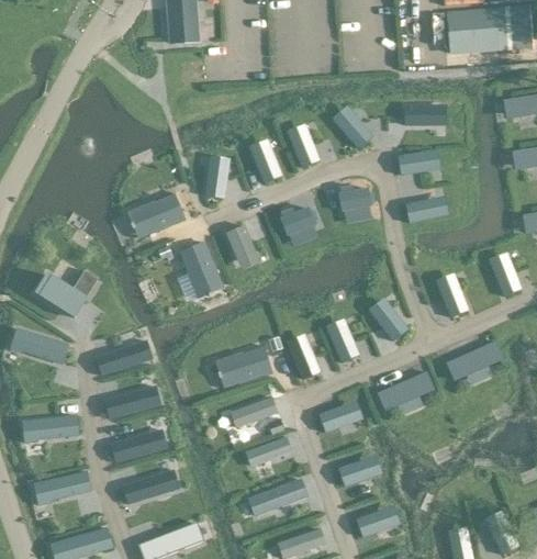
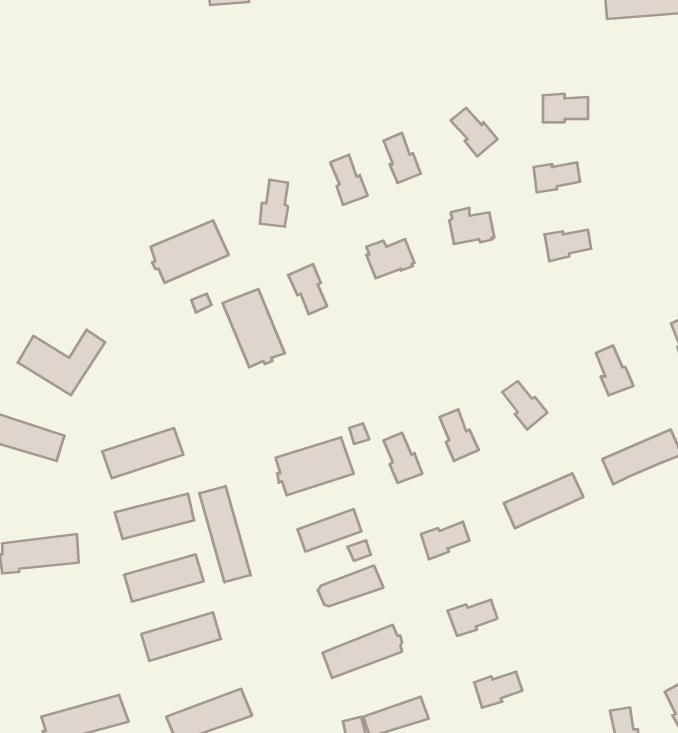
building: none -> [199,486,251,582]
building: [35,471,91,505] -> none

